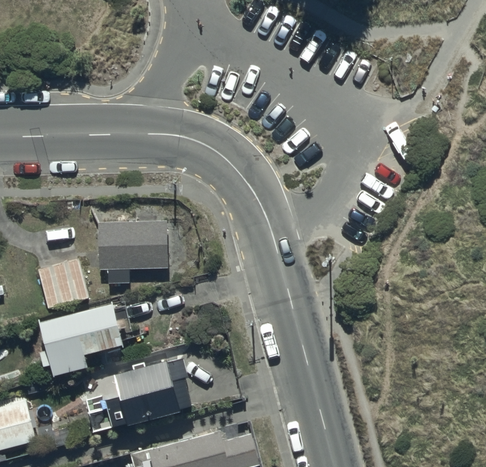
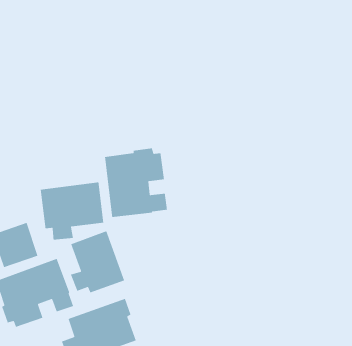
building: none -> [104,148,168,218]
building: none -> [70,230,125,294]

